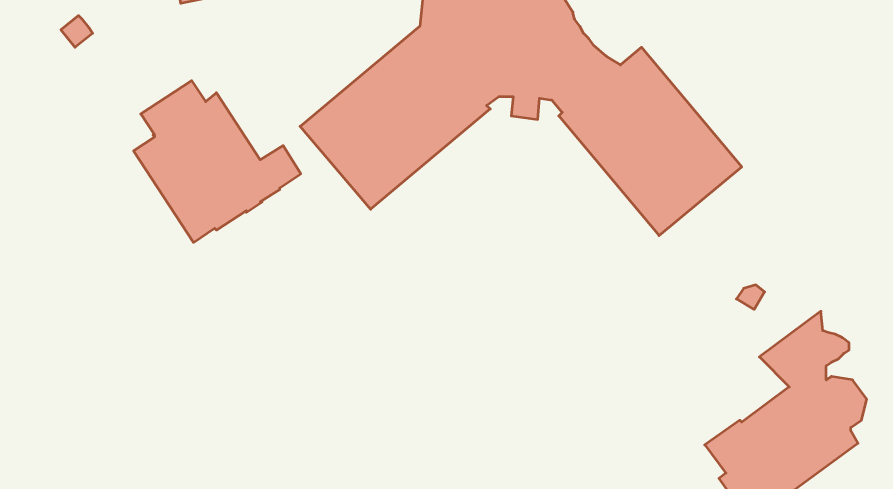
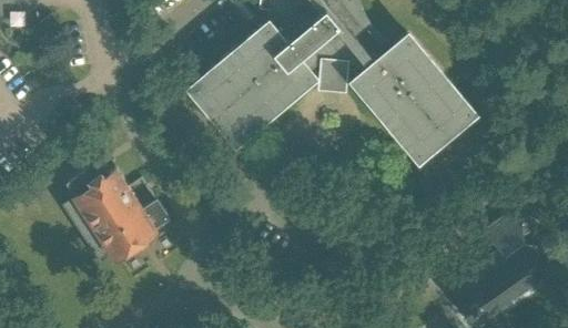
building: [134,81,301,242] -> [62,163,168,265]

